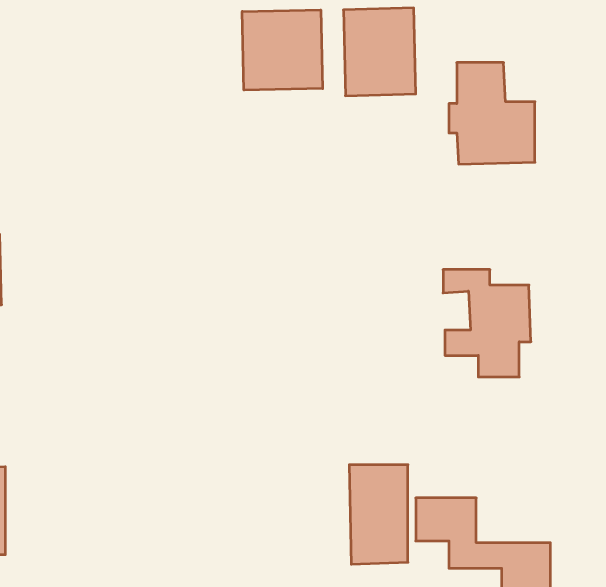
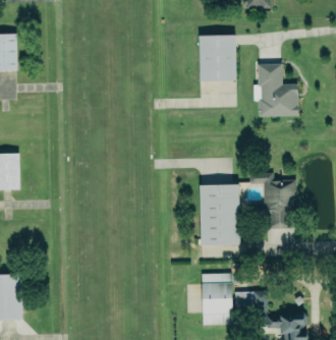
building: [242,10,323,90] -> none
building: none -> [200,184,240,246]

